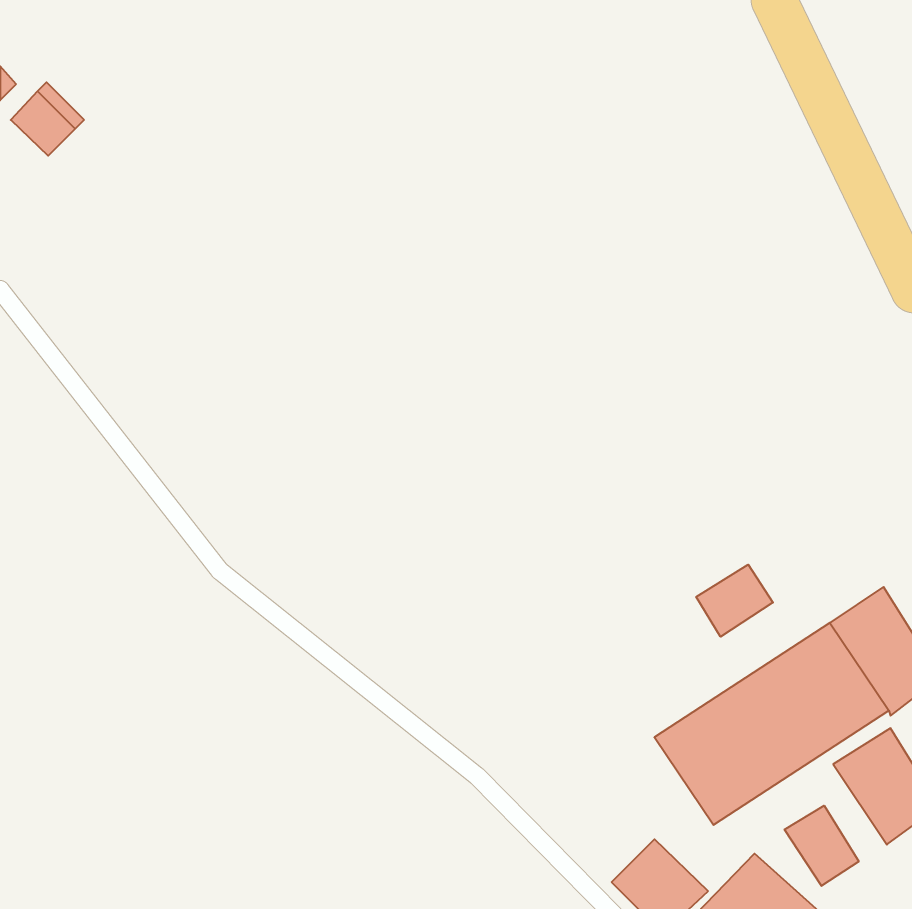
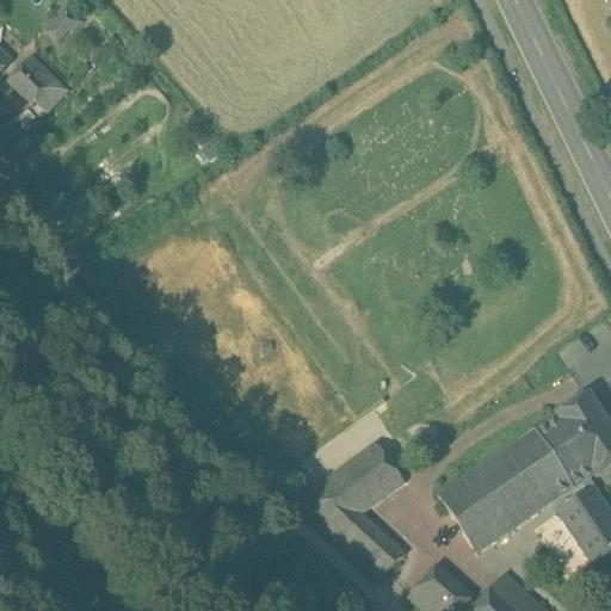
building: [696,565,773,637] -> none
building: none -> [303,437,412,570]
building: [785,806,859,886] -> none

